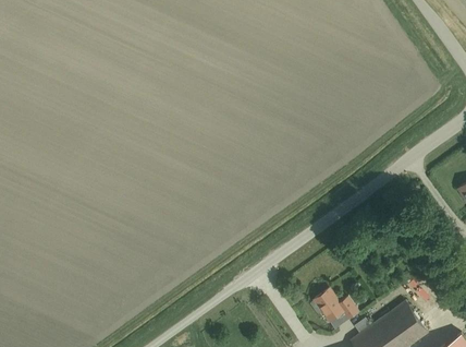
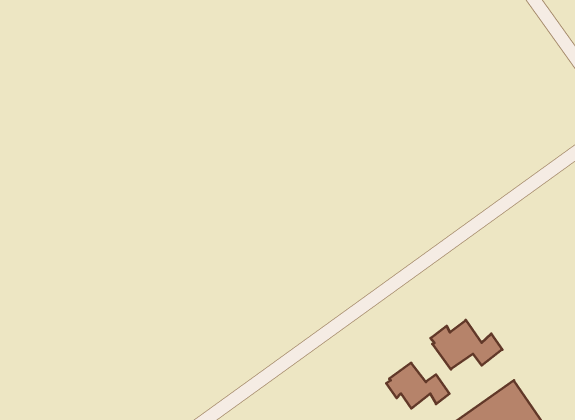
building: none -> [431,320,502,369]

